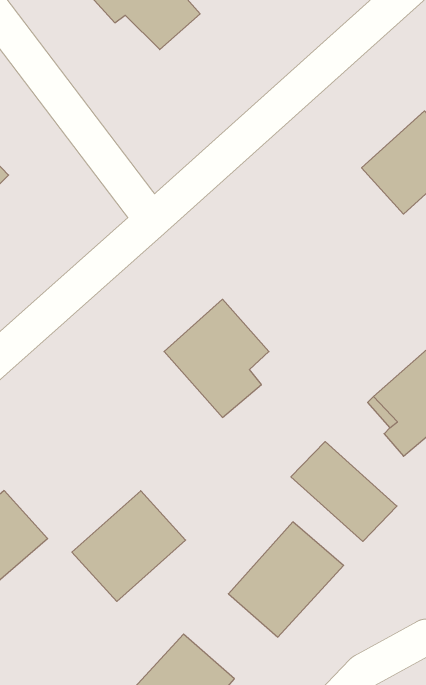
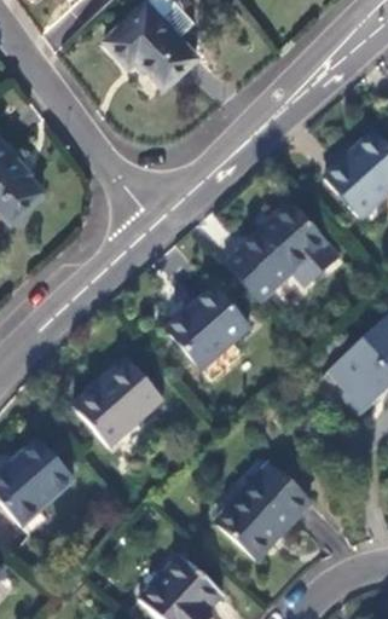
building: none -> [226,204,338,302]
building: [291,442,397,541] -> none
building: [72,491,186,601] -> [69,355,161,445]

